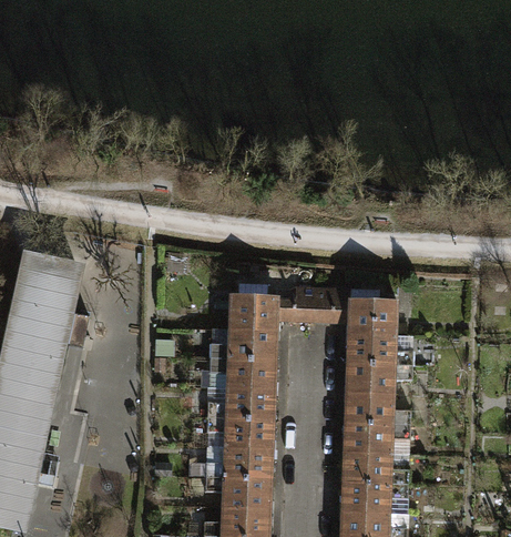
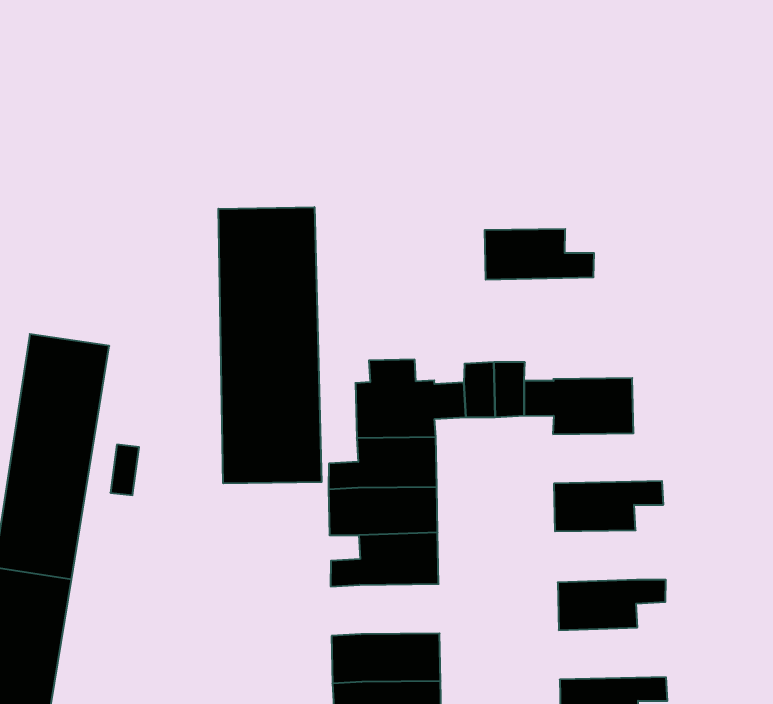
building: none -> [218,207,322,483]
building: [346,335,412,367] -> [485,229,594,280]
building: [345,394,410,427] -> none
building: [207,419,273,452] -> none
building: [343,454,408,486] -> none

